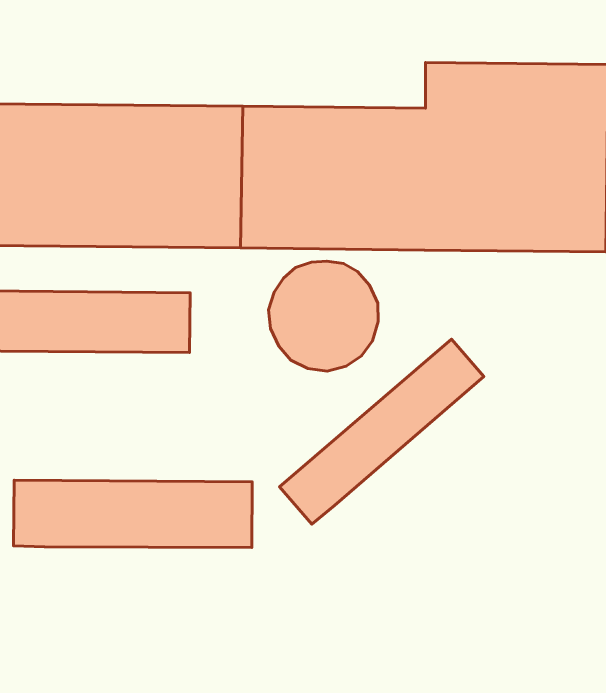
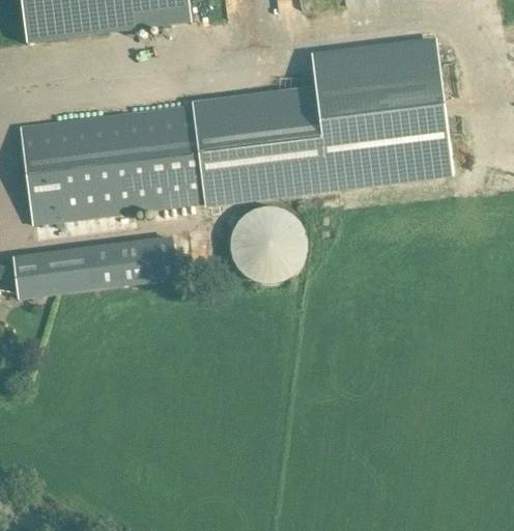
building: [280,339,484,524] -> none
building: [14,480,252,547] -> none

